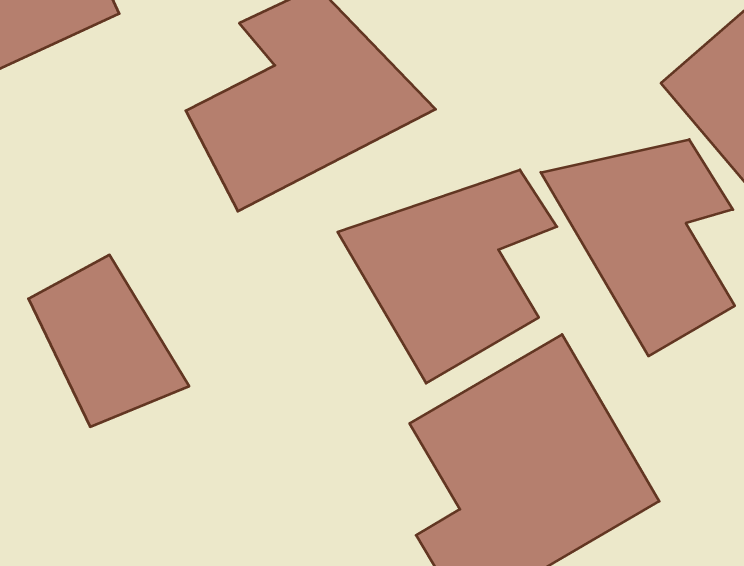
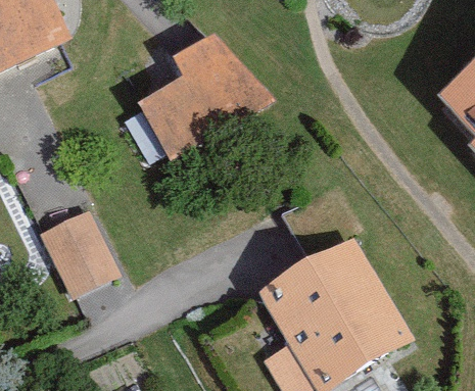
building: [541,139,735,356] -> none
building: [338,170,557,383] -> none

